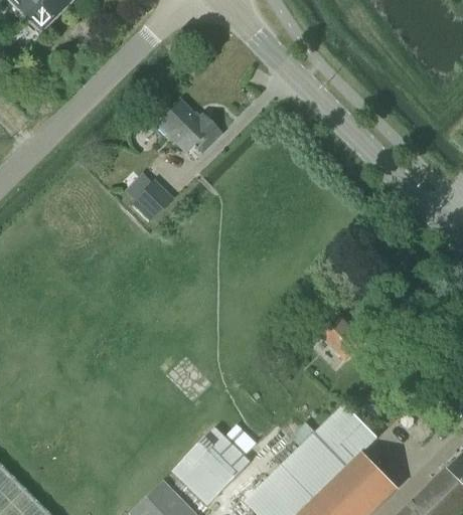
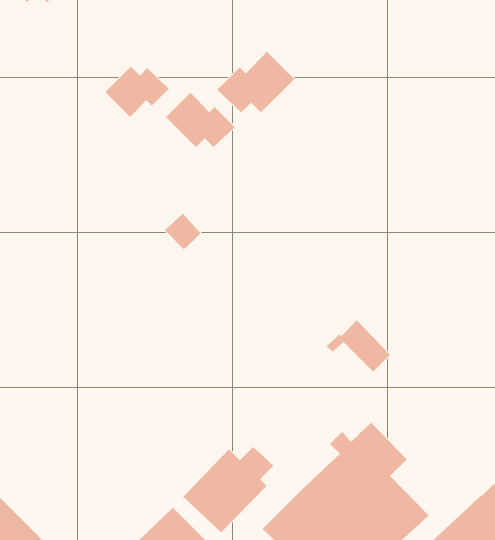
building: none -> [217,51,295,113]
building: none -> [104,66,170,118]
building: [136,182,170,216] -> [164,213,201,250]

